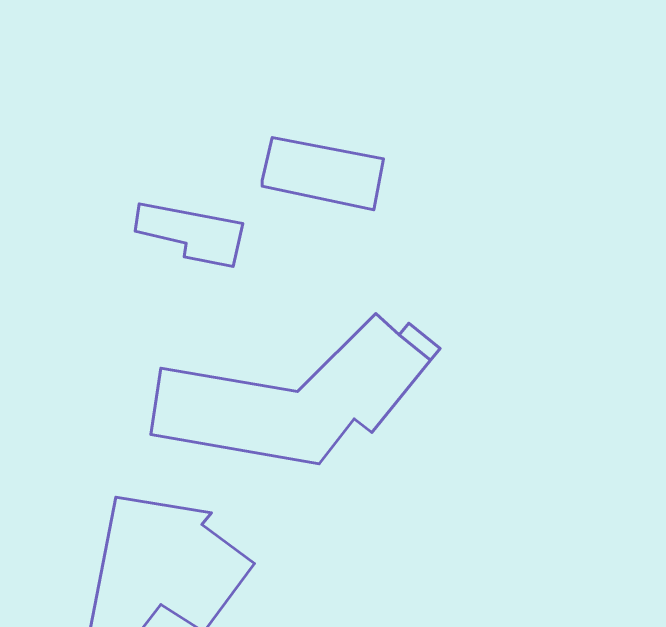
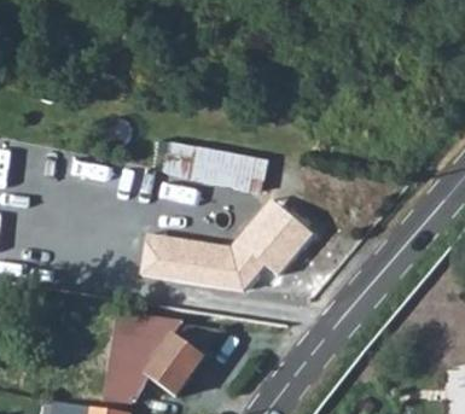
building: [262,137,383,210] -> [192,145,267,189]

